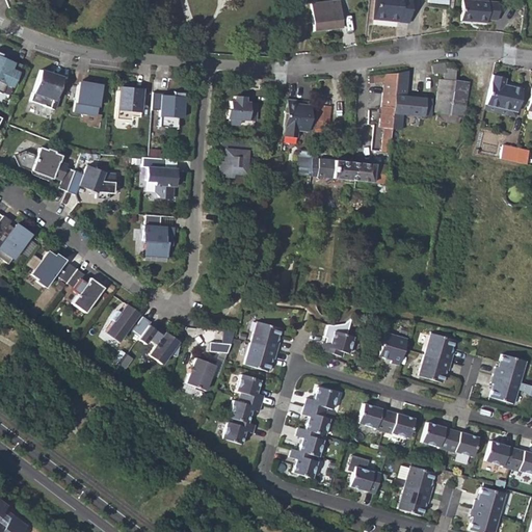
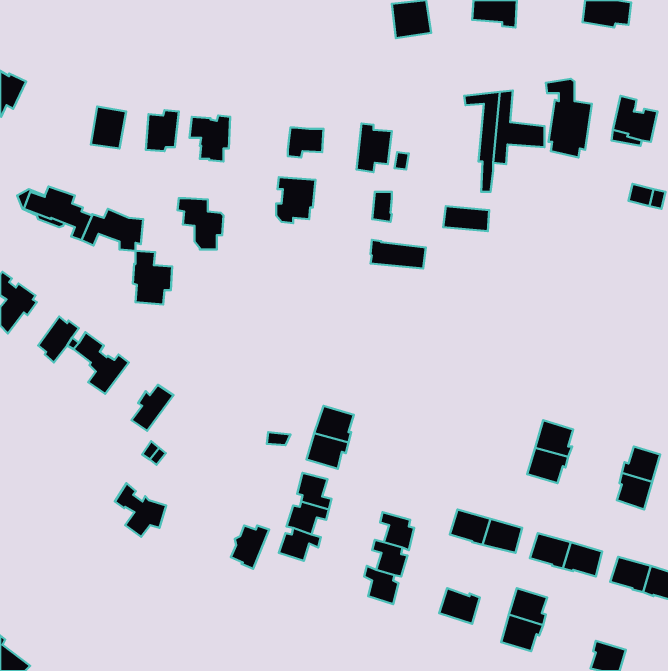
building: [32,70,64,108] -> none
building: [312,157,355,180] -> [371,240,426,269]
building: [144,214,176,257] -> [133,251,172,305]
building: [142,321,183,364] -> [115,483,166,537]
building: [322,330,355,356] -> none
building: [380,331,408,365] -> none
building: [187,357,217,392] -> [231,526,269,569]
building: [305,387,339,411] -> none
building: [474,486,505,514] -> none

